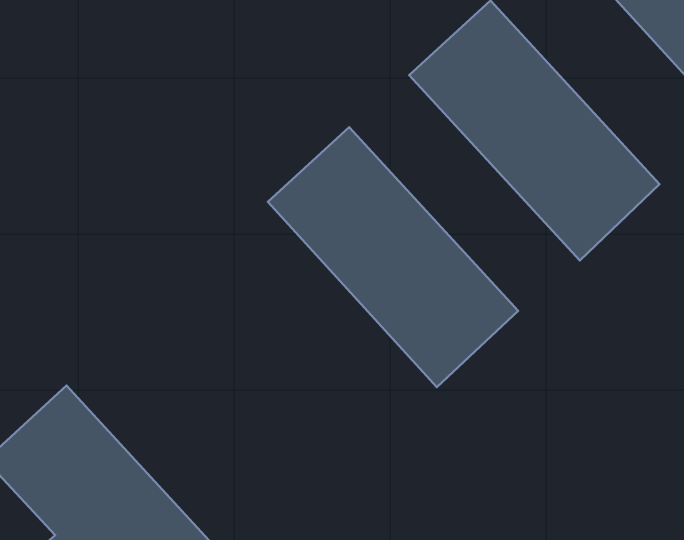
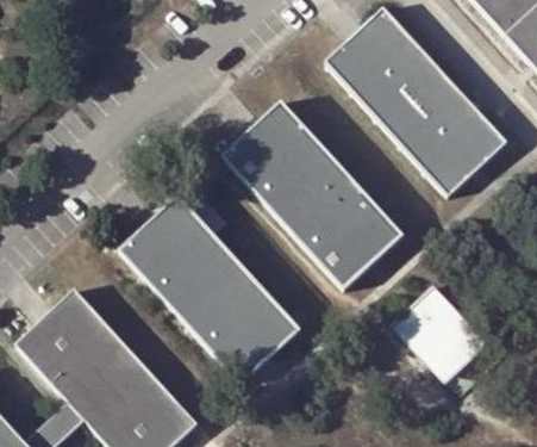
building: none -> [119,194,301,384]
building: none -> [389,285,489,384]

